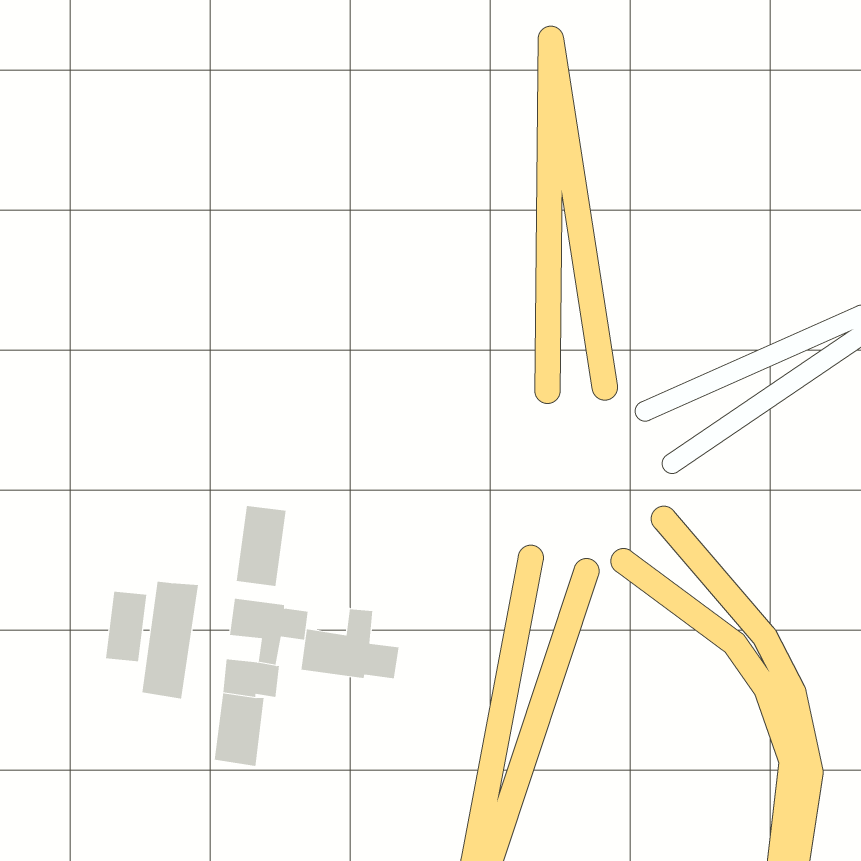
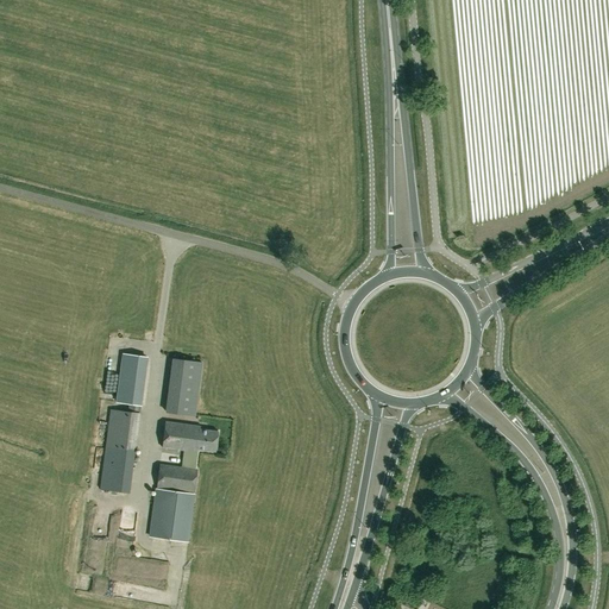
building: [105,591,147,662] -> [118,354,147,404]
building: [301,608,399,679] -> none

